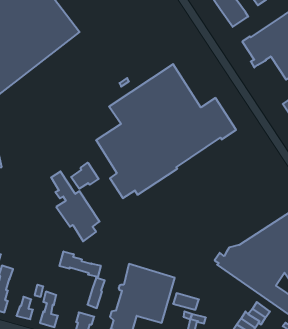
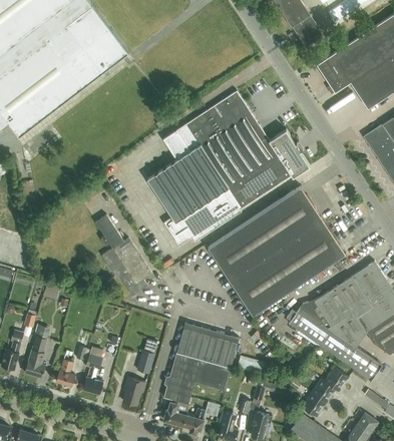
building: none -> [208,186,345,315]
building: [71,163,99,189] -> none
building: [59,251,101,277] -> none

